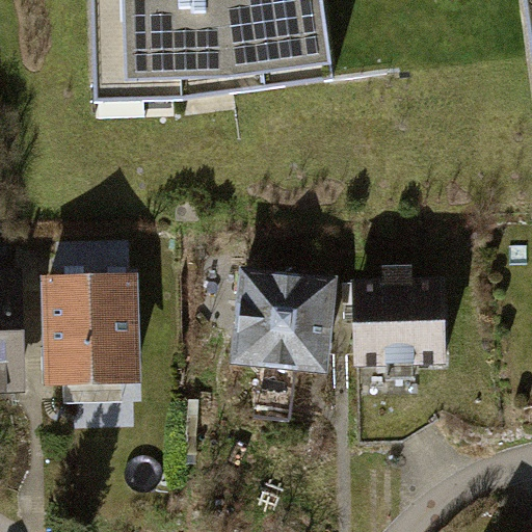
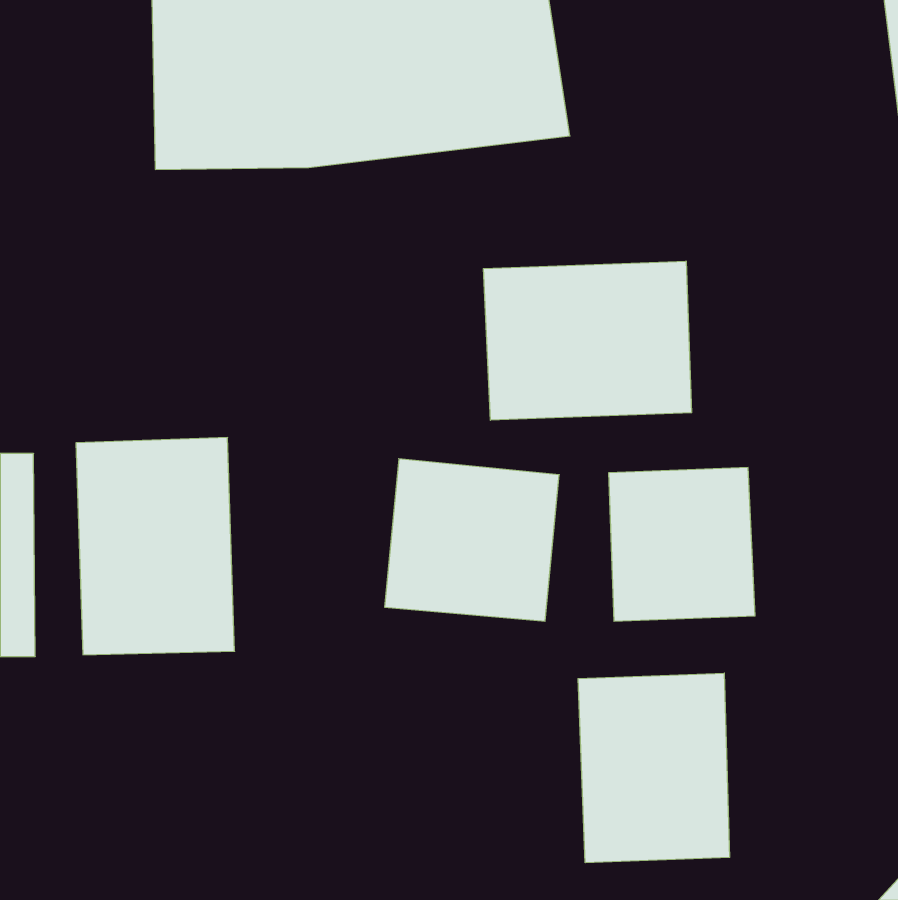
building: none -> [483,261,692,420]
building: none -> [578,673,730,863]

